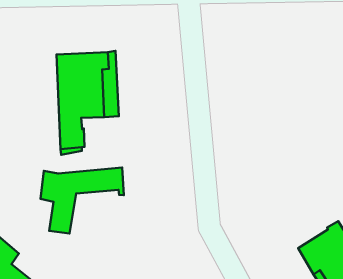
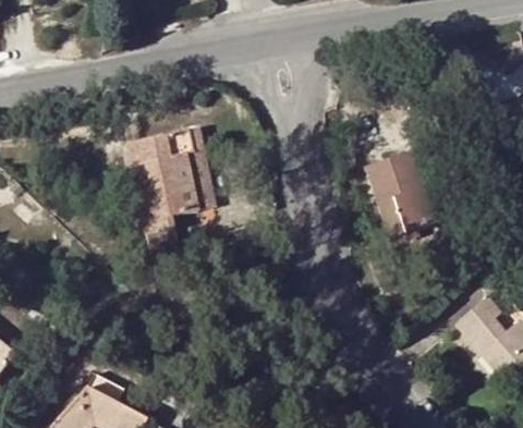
building: none -> [366,152,437,239]
building: [40,168,124,233] -> none

